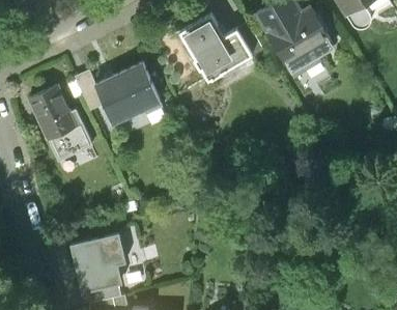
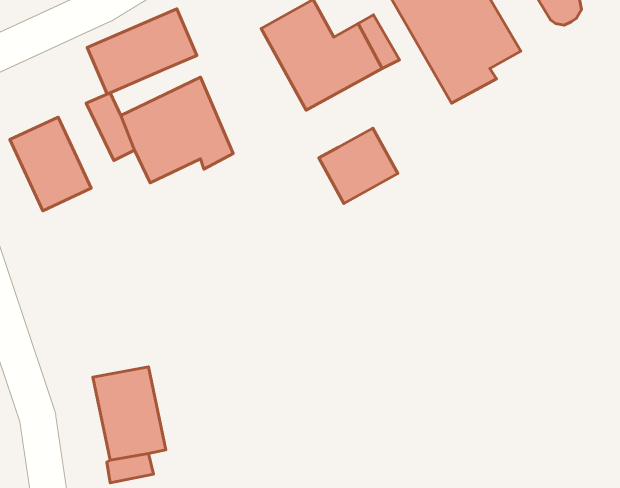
building: none -> [87,9,197,94]
building: none -> [319,128,398,203]
building: [48,110,92,164] -> none

